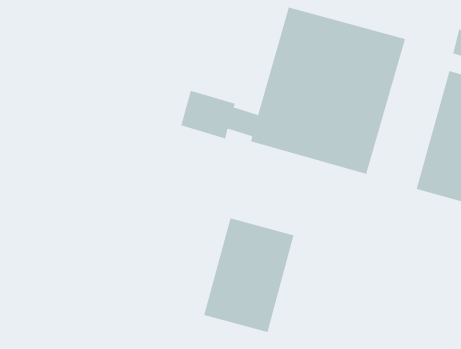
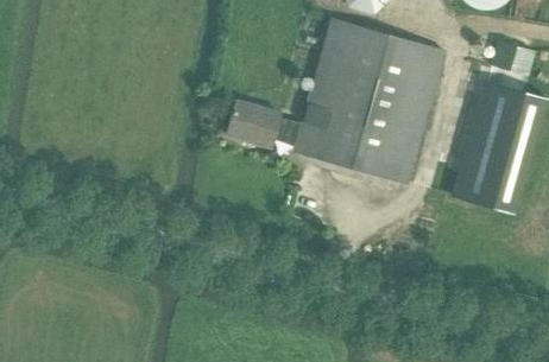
building: [203,218,294,333] -> none

